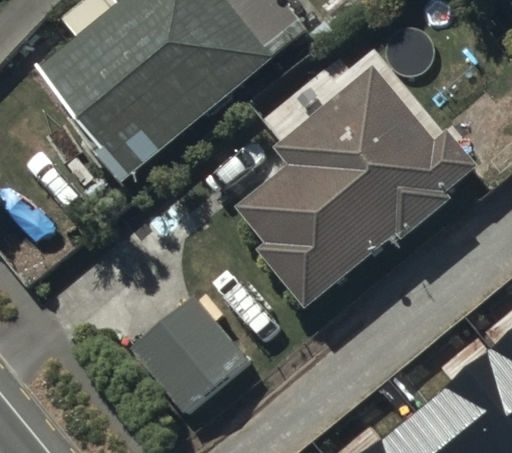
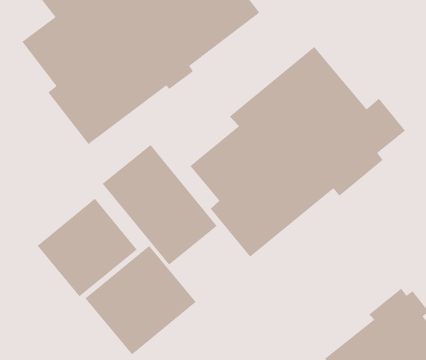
building: none -> [102,144,218,266]
building: none -> [37,198,137,297]

